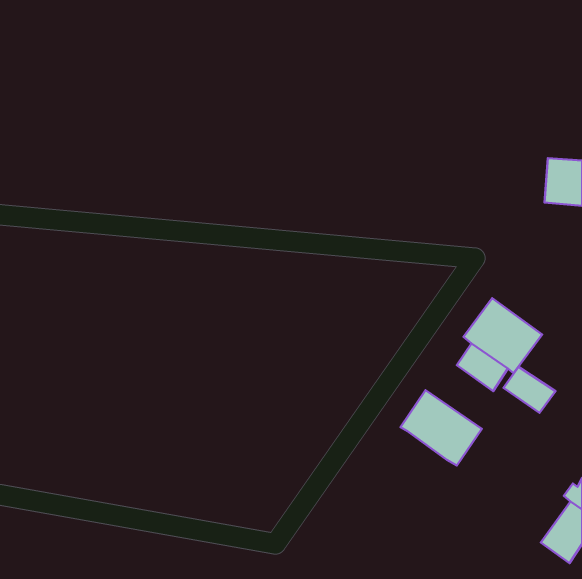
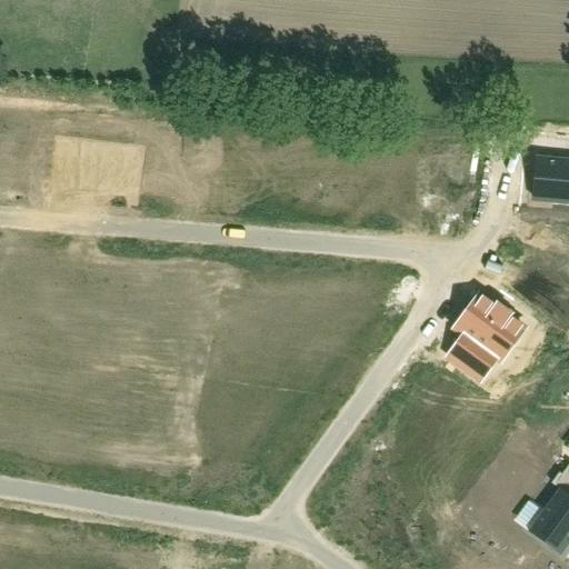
building: [504,367,555,413] -> none
building: [401,390,482,466] -> none

